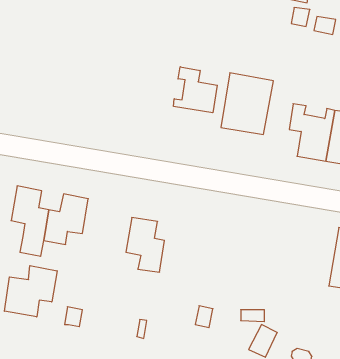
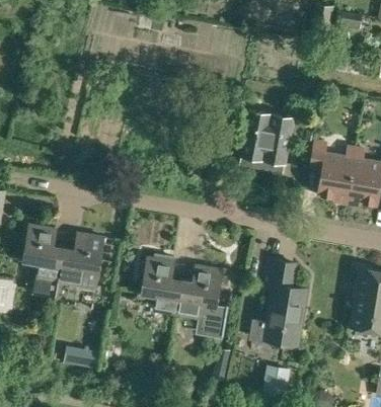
building: [174,67,217,113] -> none
building: none -> [249,260,307,345]
building: none -> [177,266,227,339]
building: [4,266,57,317] -> none

